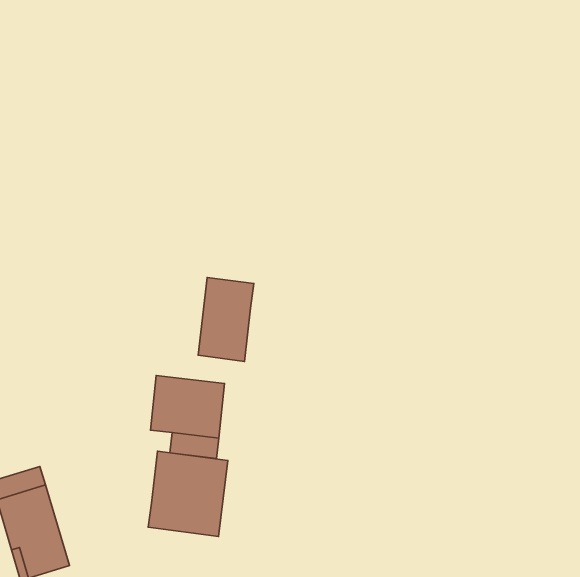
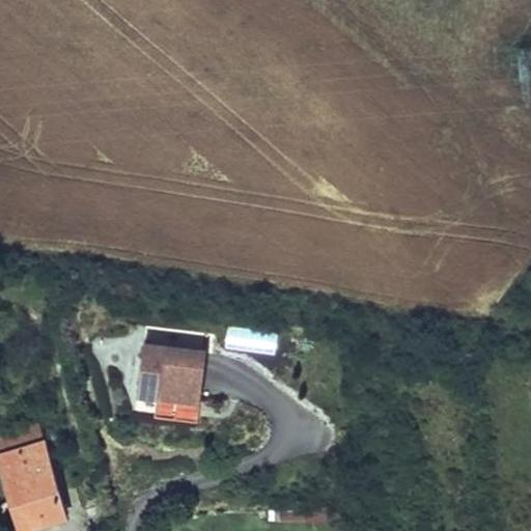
building: [198,277,254,361] -> none
building: [148,451,228,536] -> none

